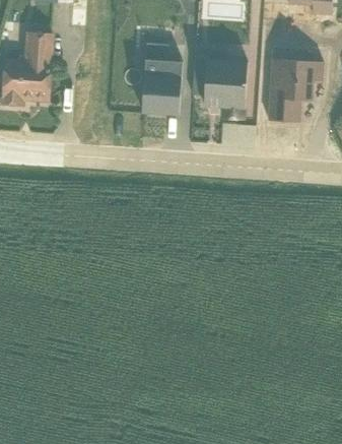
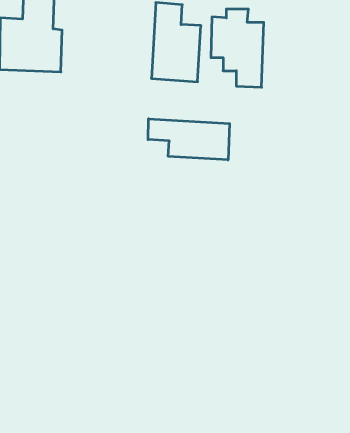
building: [268,59,323,120] -> none
building: none -> [148,119,230,160]

